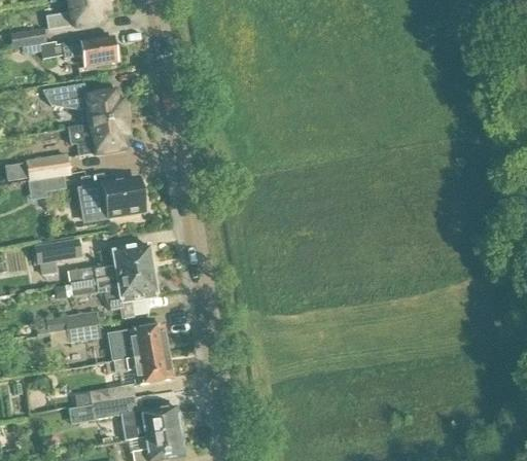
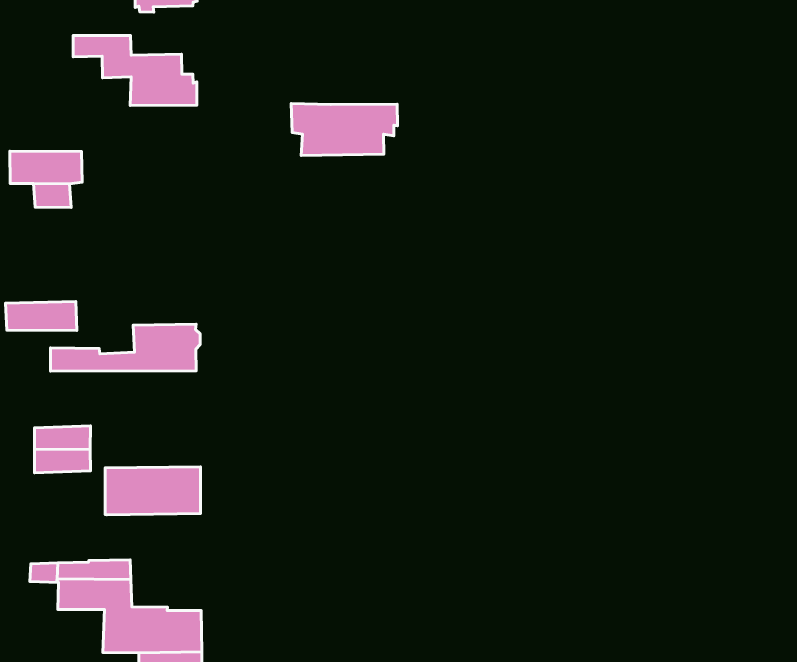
building: [66,117,129,155] -> [291,104,397,155]
building: [78,174,142,217] -> none
building: [67,270,155,309] -> none
building: [112,351,170,384] -> none

